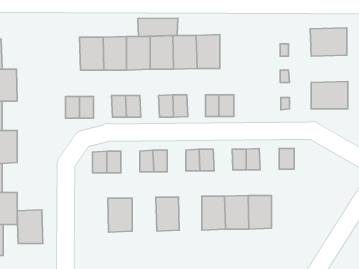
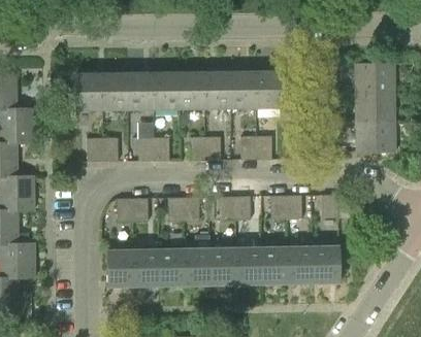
building: [138,18,178,36] -> none
building: none -> [255,70,282,107]
building: none -> [75,73,102,110]
building: none -> [355,93,395,123]
building: none -> [312,246,337,282]
building: none -> [209,247,235,284]
building: none -> [159,248,186,285]
building: [17,210,43,244] -> [105,249,133,287]

